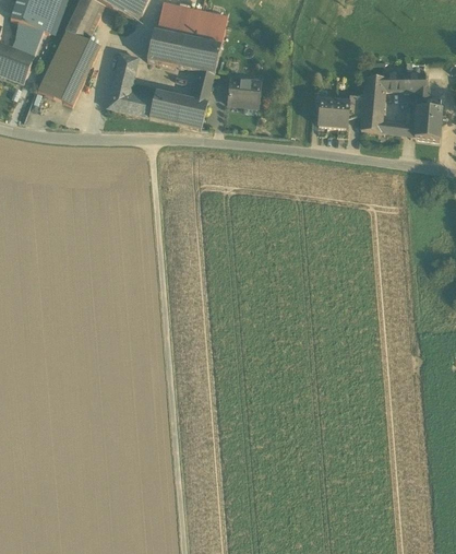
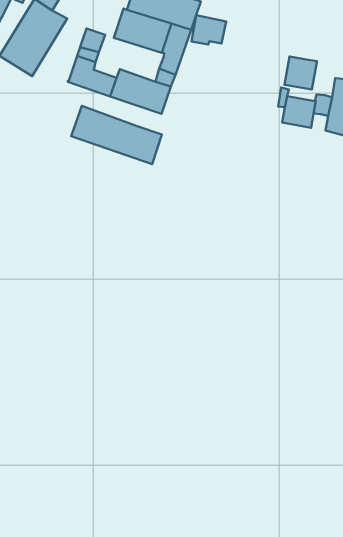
building: none -> [284,56,317,89]
building: [229,78,261,105] -> [191,15,226,44]
building: none -> [71,106,162,164]

